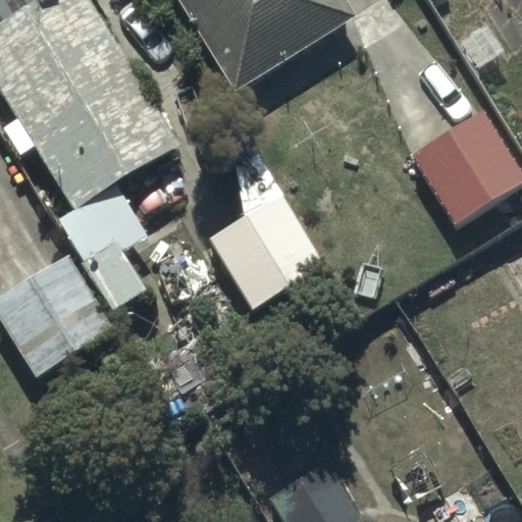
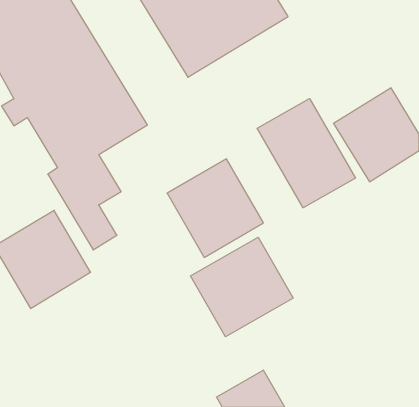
building: none -> [257,99,355,208]
building: none -> [190,237,293,337]

